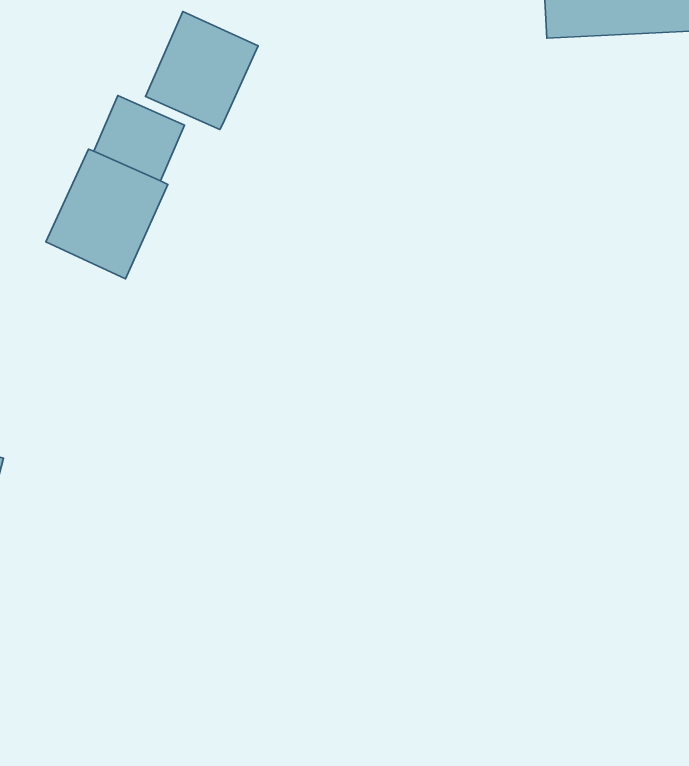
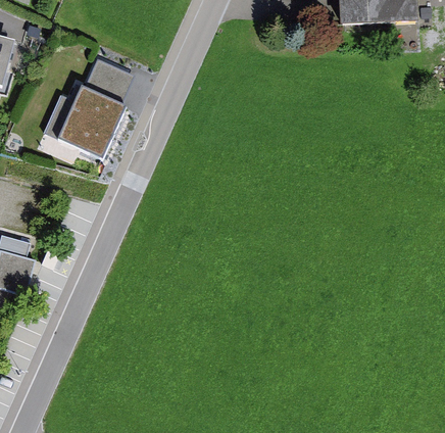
building: [146,11,258,129] -> none

